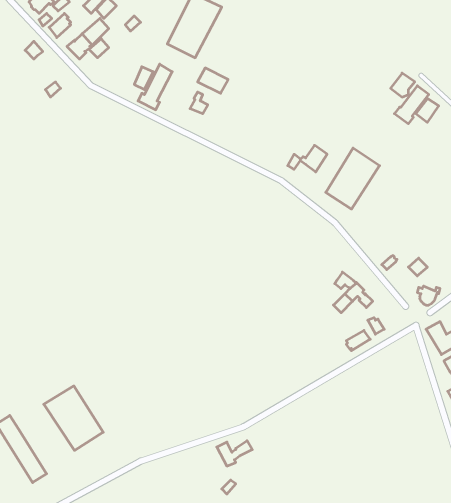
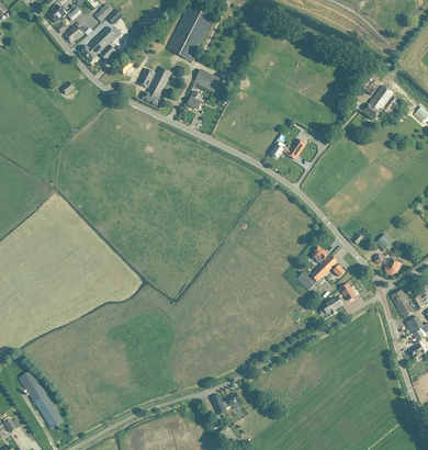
building: [326,148,380,209] -> none
building: [44,386,103,450] -> none

